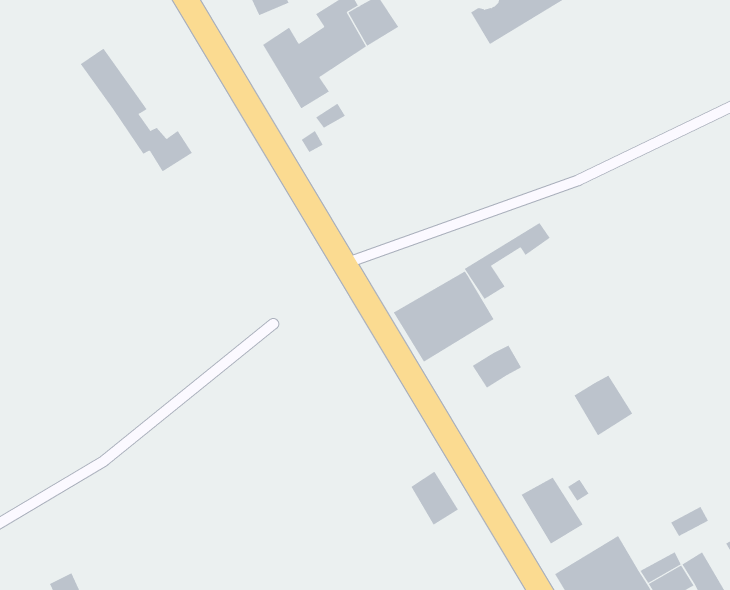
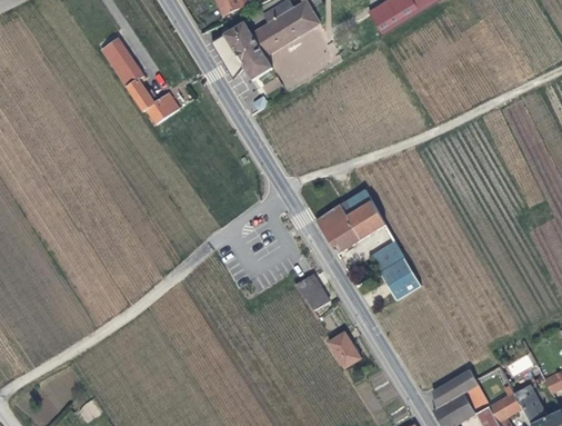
building: [464,222,551,300] -> none
building: [573,375,633,436] -> [380,257,421,299]
building: none -> [293,273,329,310]
building: [521,477,583,544] -> none

